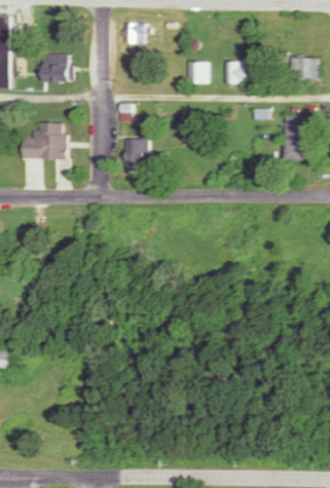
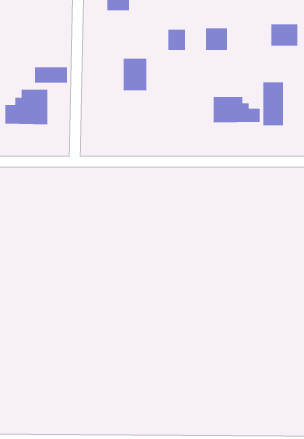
building: [41,65,75,81] -> [34,67,68,83]
building: none -> [213,96,260,123]
building: [123,138,148,171] -> [123,58,147,91]

